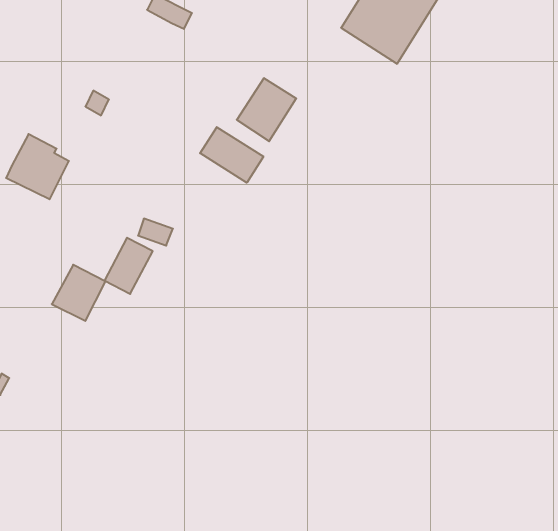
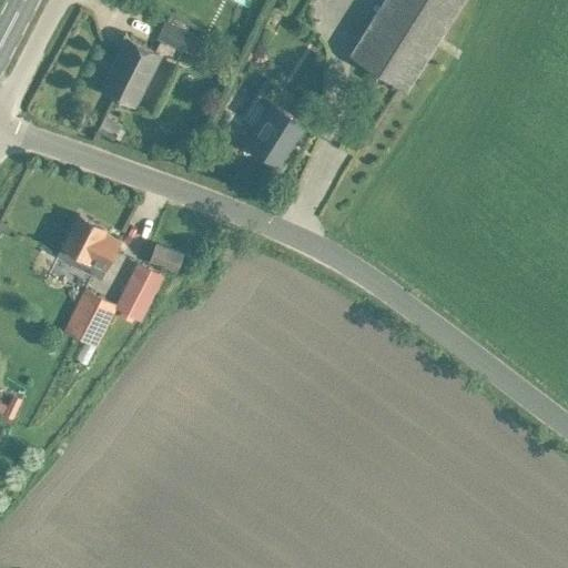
building: none -> [101,38,161,106]
building: [200,127,263,183] -> none
building: [6,134,69,199] -> [57,215,119,280]

